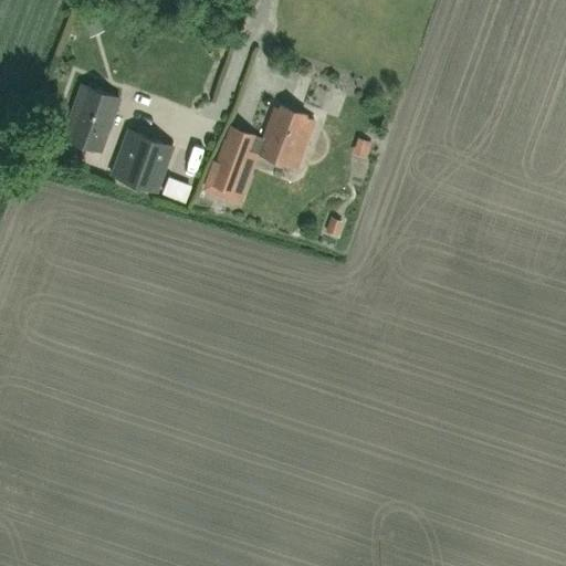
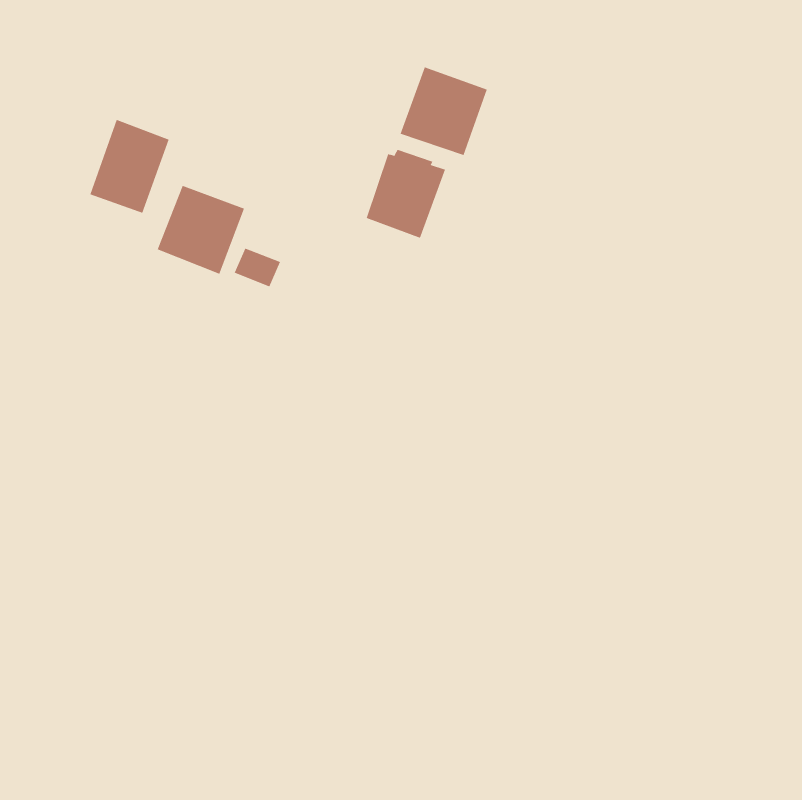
building: none -> [400,66,487,156]
building: [210,142,251,192] -> none

